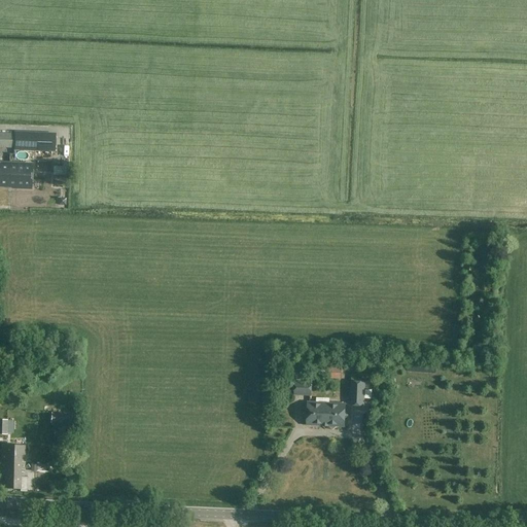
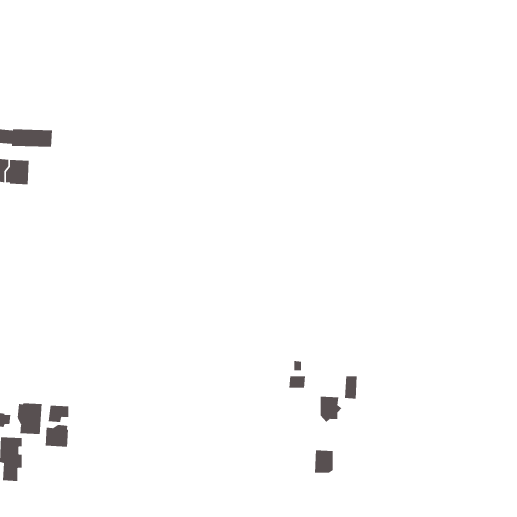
building: [305,400,324,424] -> [314,450,333,473]
building: none -> [17,402,42,435]
building: none -> [45,424,68,448]

